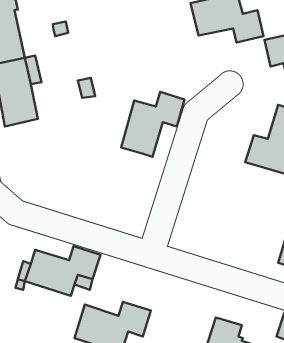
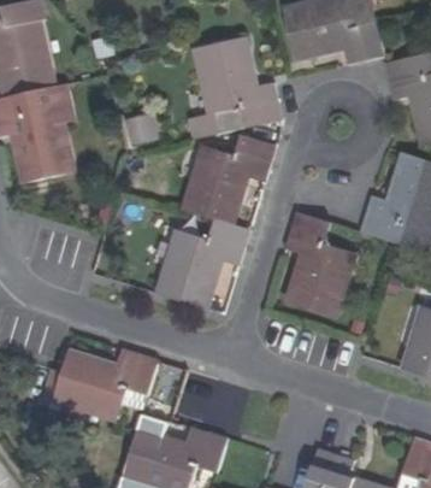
building: none -> [196,36,282,135]
building: none -> [284,212,354,317]
building: none -> [159,219,249,308]

